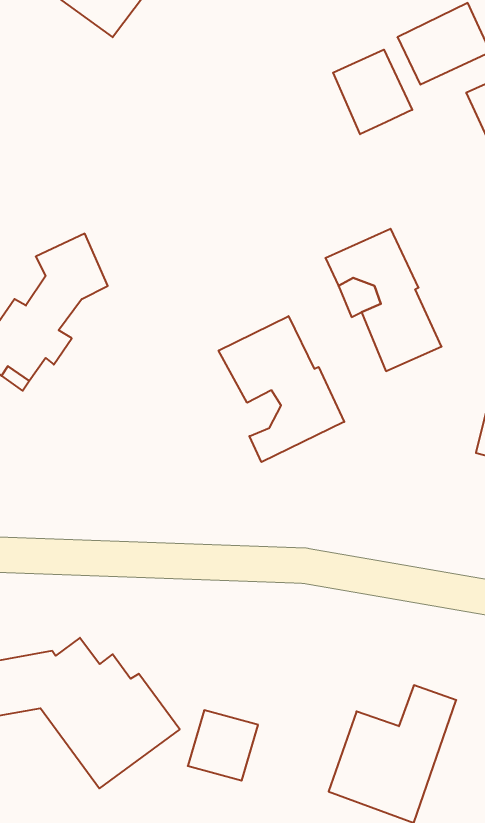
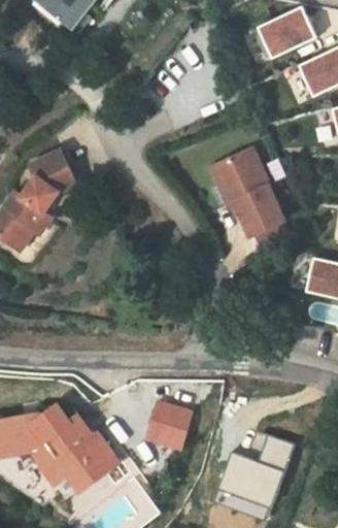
building: [333,50,412,134] -> none
building: [219,316,344,462] -> none
building: [188,710,258,781] -> [145,408,190,453]

